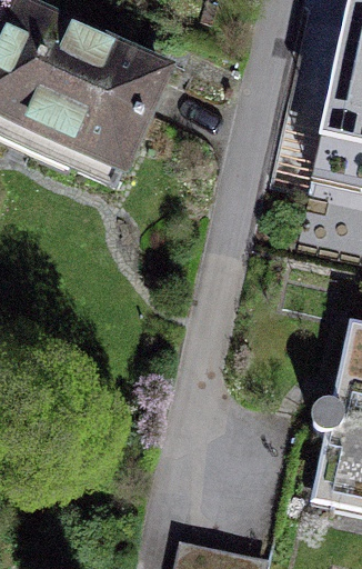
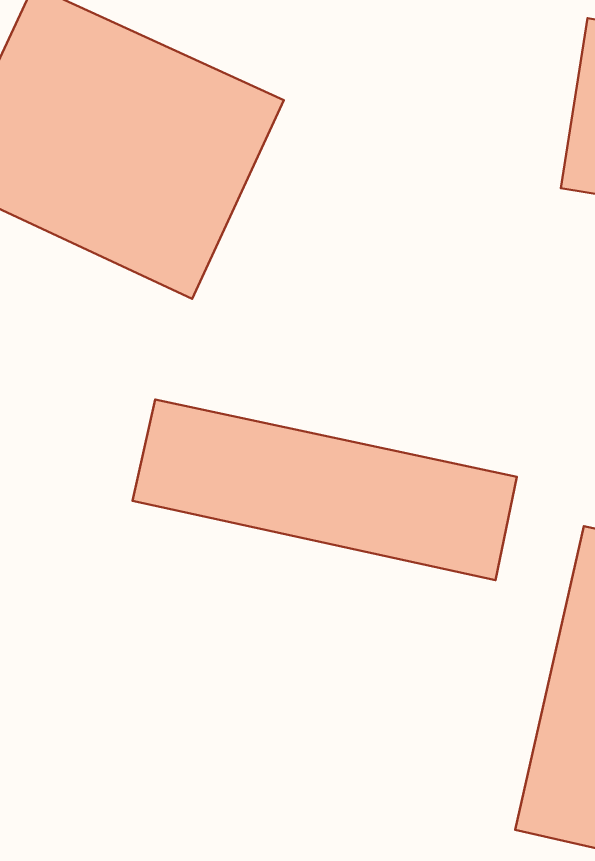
building: none -> [133,400,517,580]

